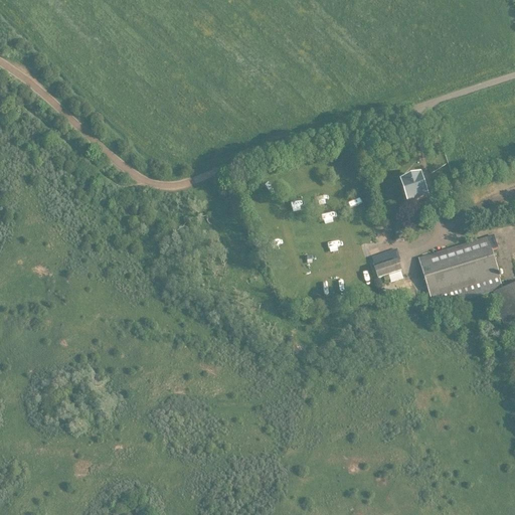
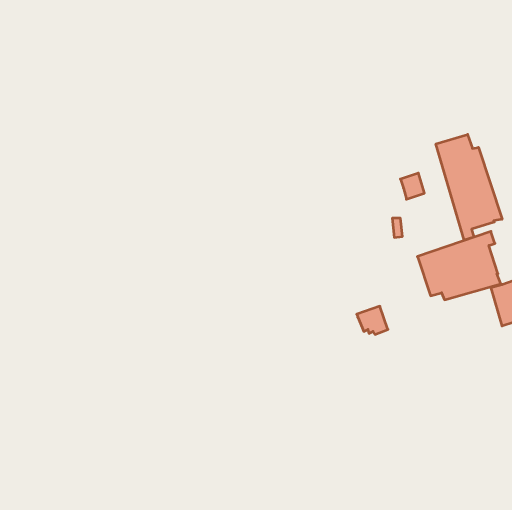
building: none -> [436,134,502,240]
building: [372,249,403,278] -> [357,306,388,334]

